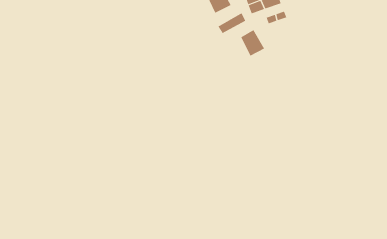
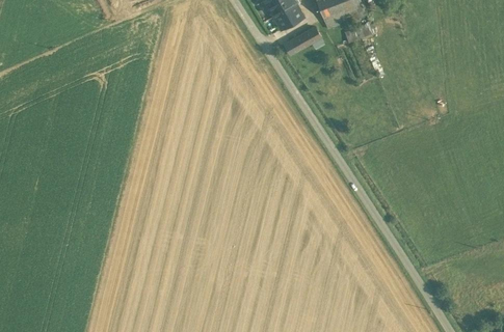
building: [240,29,265,57] -> none

